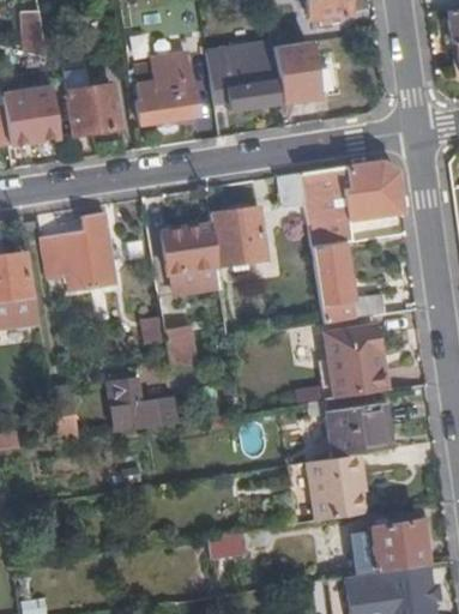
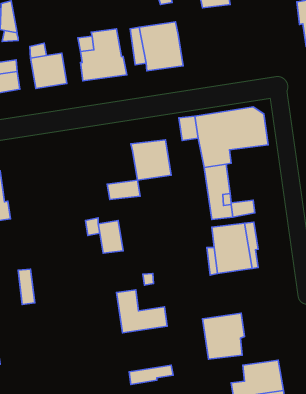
building: [276,53,319,102] -> none
building: [42,213,115,291] -> none
building: [163,223,218,271] -> none
building: [104,372,176,433] -> [117,290,167,333]
building: [326,404,393,459] -> none

